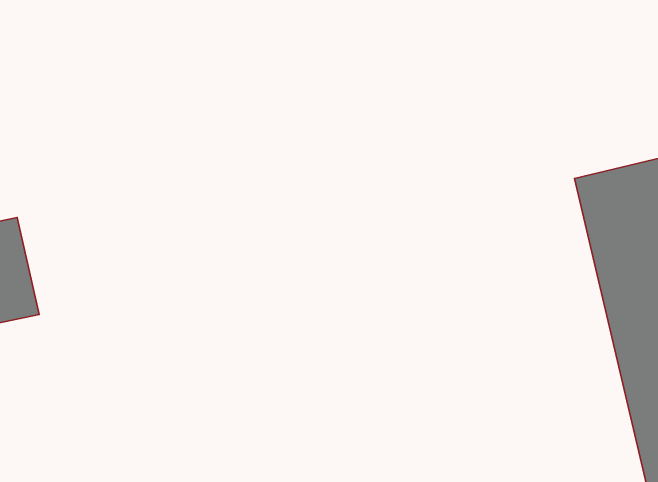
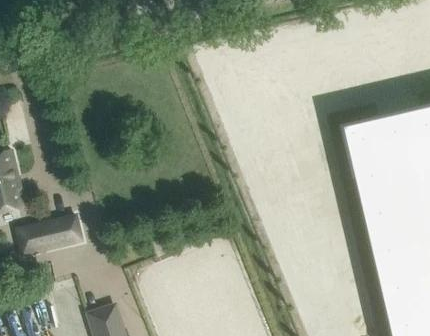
building: none -> [19,214,84,254]

